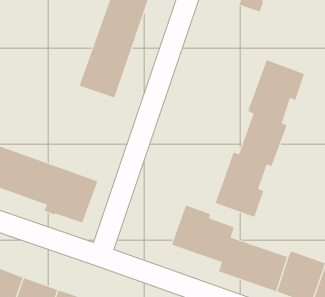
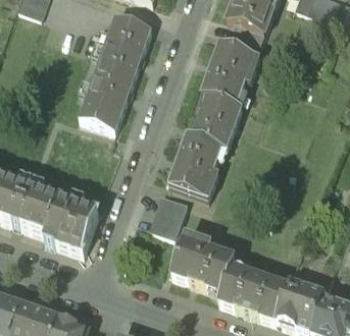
building: [215,60,305,217] -> [169,35,259,191]
building: none -> [152,189,187,232]

